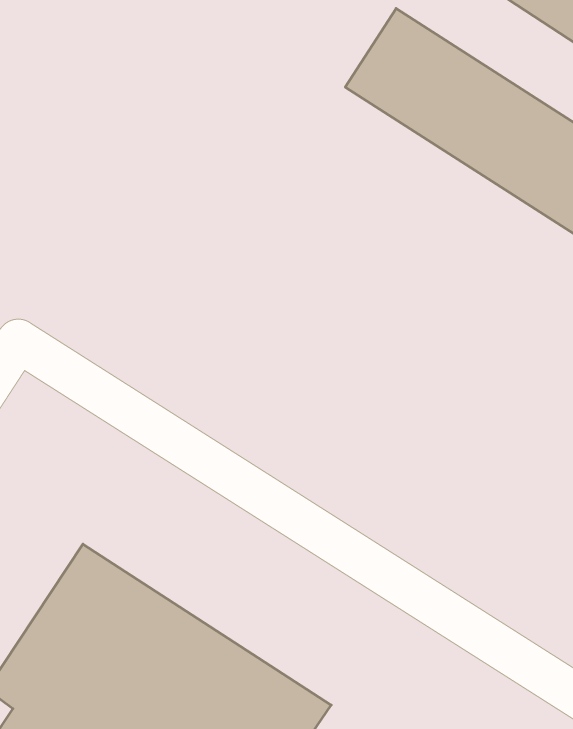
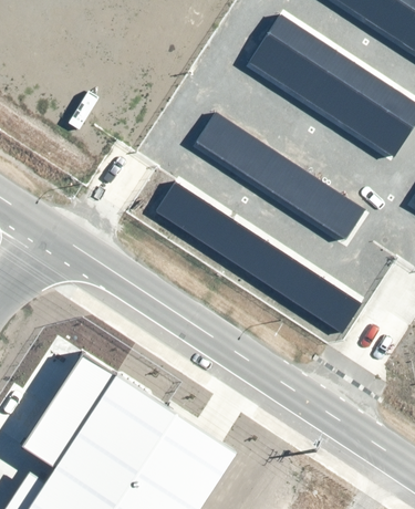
building: none -> [193,111,371,247]
building: none -> [156,181,361,332]

